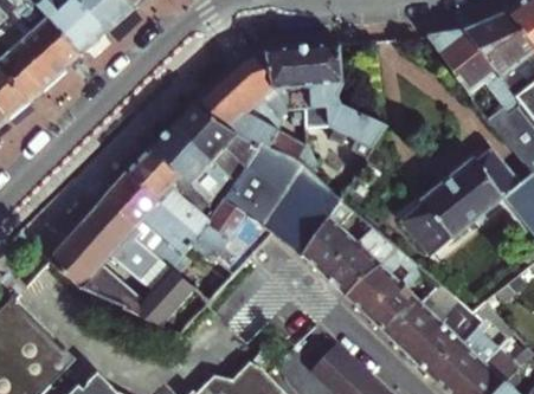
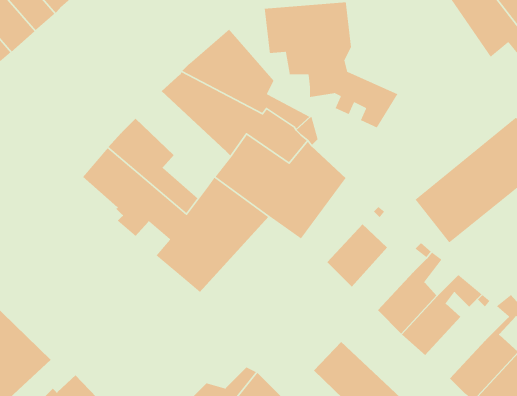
building: [236,49,289,116] -> none
building: [153,122,232,207] -> none
building: [52,198,194,332] -> none
building: [300,199,354,273] -> none
building: [345,260,399,316] -> none
building: [410,322,463,376] -> none

